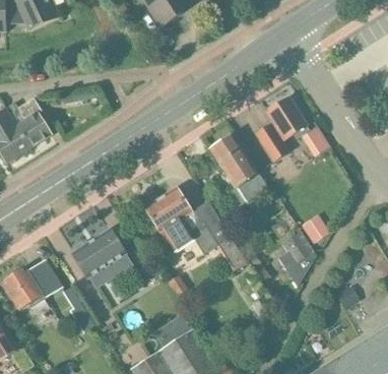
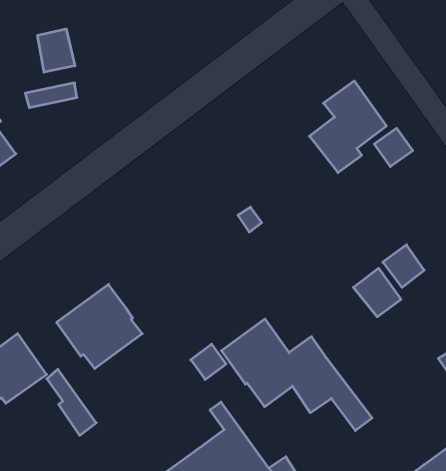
building: none -> [38,29,75,72]
building: [210,134,268,202] -> none
building: [145,187,247,268] -> [221,319,372,431]

